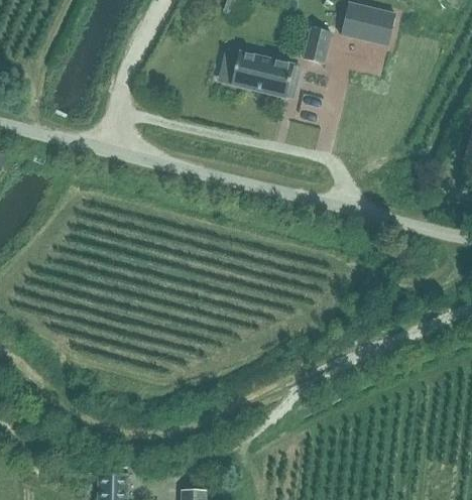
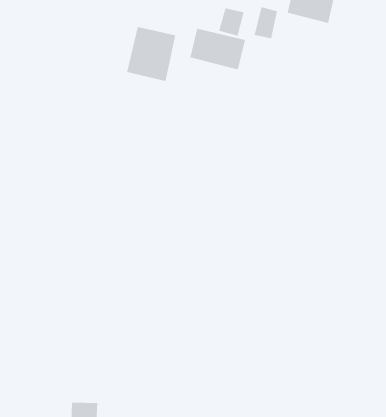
building: none -> [218,7,244,37]
building: none -> [127,26,176,82]

